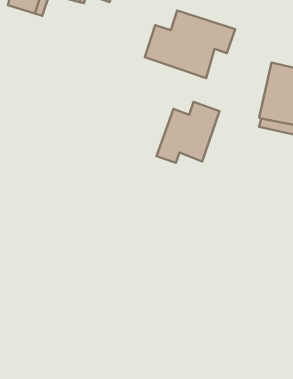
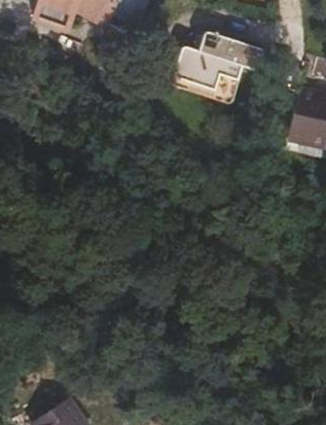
building: [157,102,219,163] -> none

